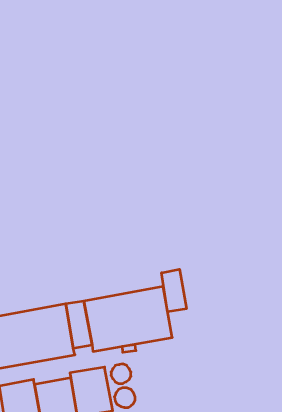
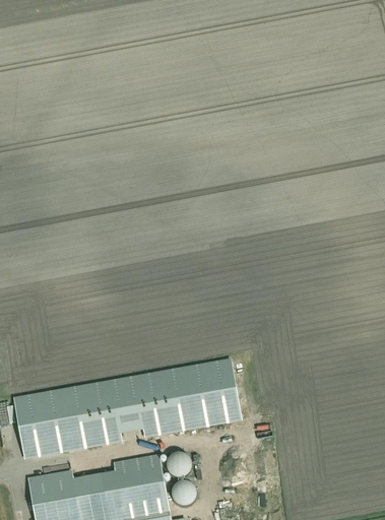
building: [162,269,186,312] -> none

